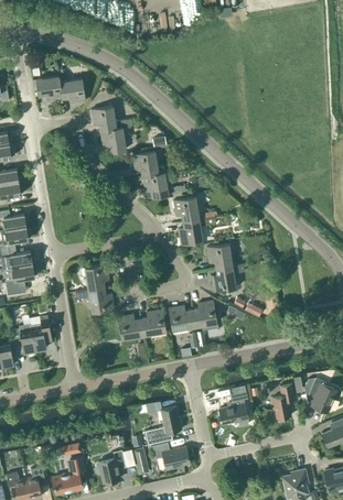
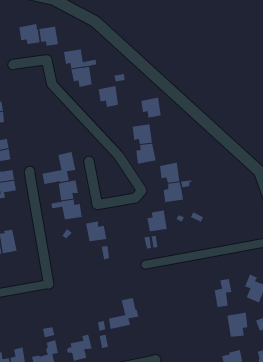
building: [142,173,168,198] -> [140,97,161,118]
building: none -> [42,151,76,185]
building: [168,306,194,330] -> none
building: [140,309,165,336] -> none
building: [30,315,51,350] -> none
building: [218,392,248,426] -> none
building: none -> [227,312,248,338]
building: [152,443,190,471] -> none

